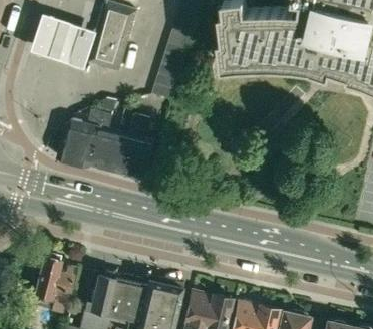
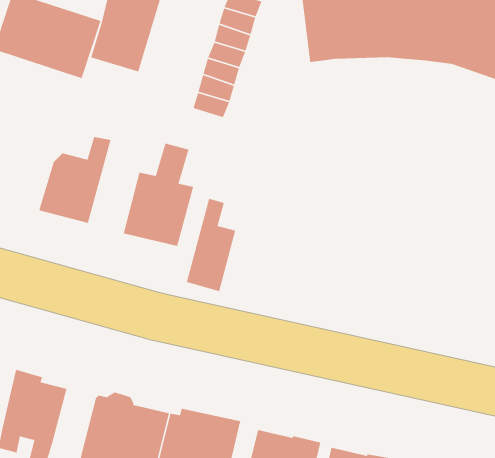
building: [88,114,119,173] -> [186,198,236,292]

